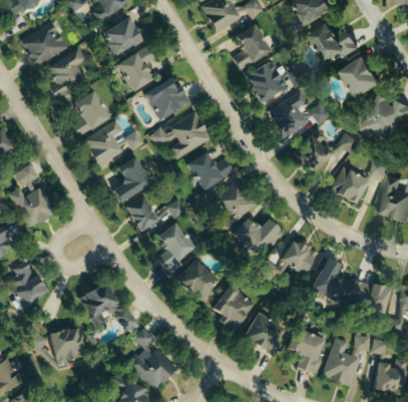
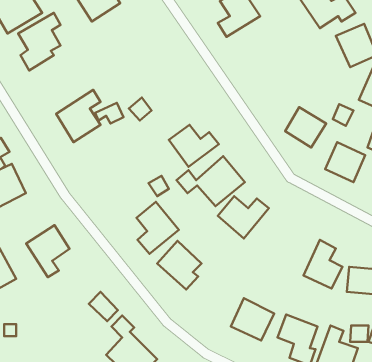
building: [117,48,153,90] -> none
building: [246,60,292,102] -> none
building: [145,80,191,119] -> none
building: [71,91,108,136] -> none
building: [267,94,330,138] -> none
building: [170,112,212,157] -> none
building: [112,156,151,203] -> none
building: [124,196,158,233] -> none
building: [281,240,317,275] -> none
building: [78,283,118,331] -> [26,225,70,277]
building: [212,286,254,330] -> none
building: [49,327,85,363] -> none

